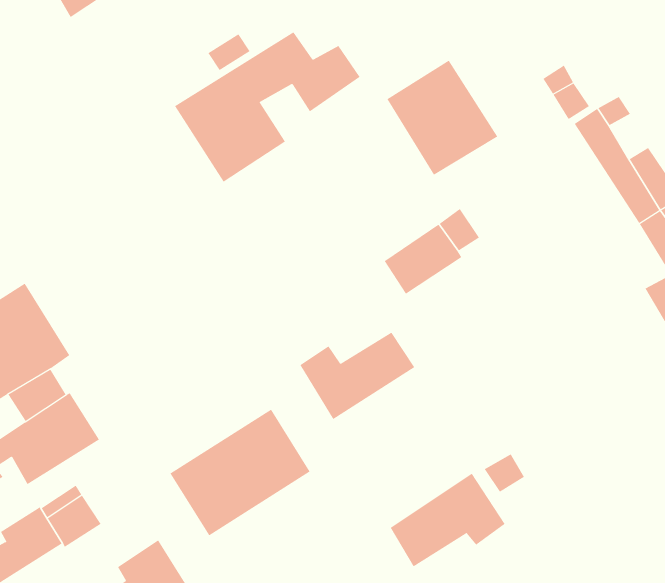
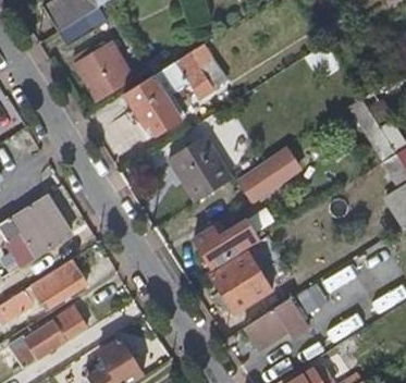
building: none -> [76,45,133,101]
building: [386,60,498,176] -> [170,137,232,201]
building: [170,409,311,536] -> [210,244,288,314]

